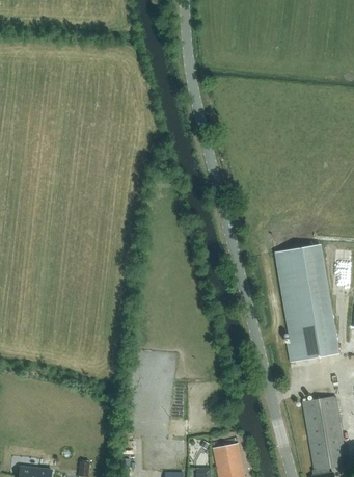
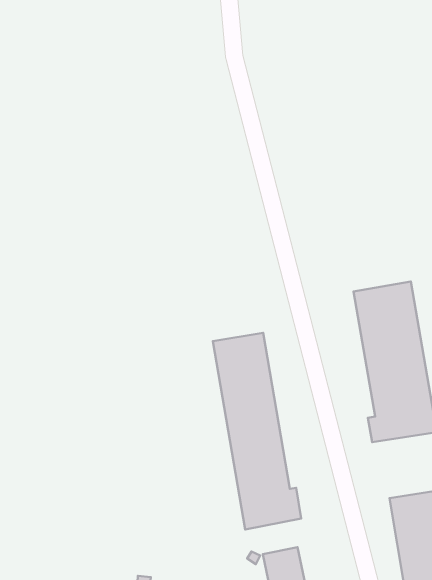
building: none -> [213,333,301,529]

